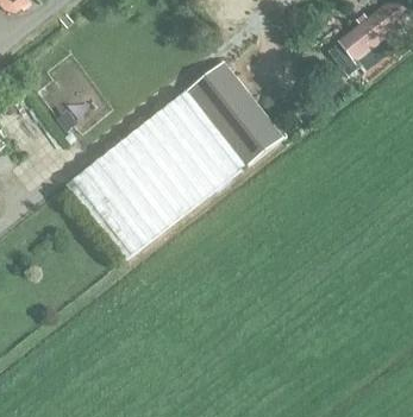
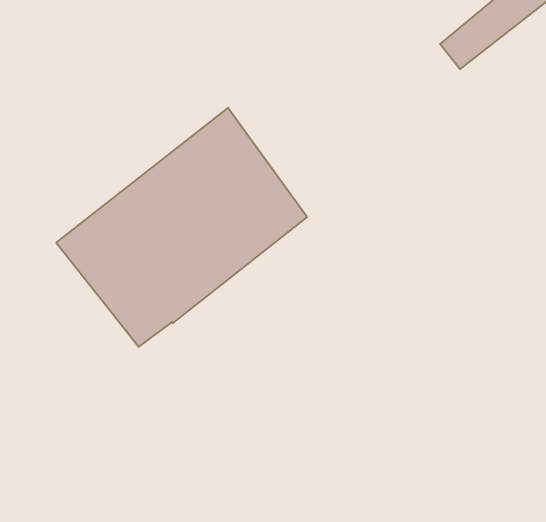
building: [187,59,282,166] -> none

